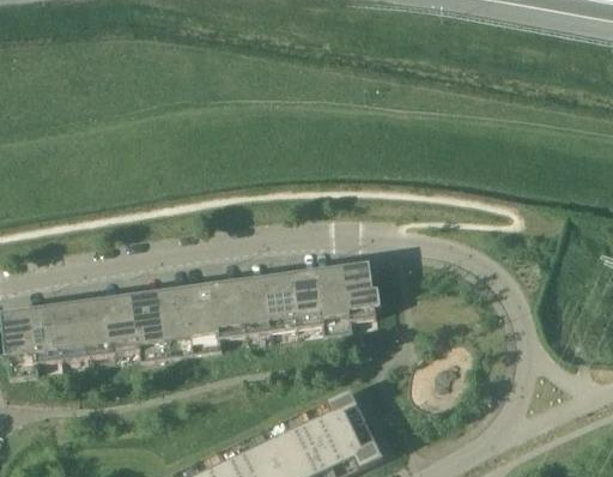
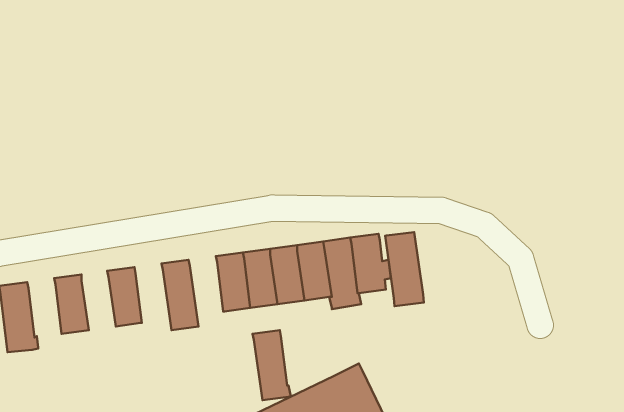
building: none -> [385,232,424,306]
building: [184,283,221,351] -> [253,330,291,400]
building: [132,290,168,358] -> none
building: [80,297,114,355] -> none
building: [28,304,61,362] -> none

